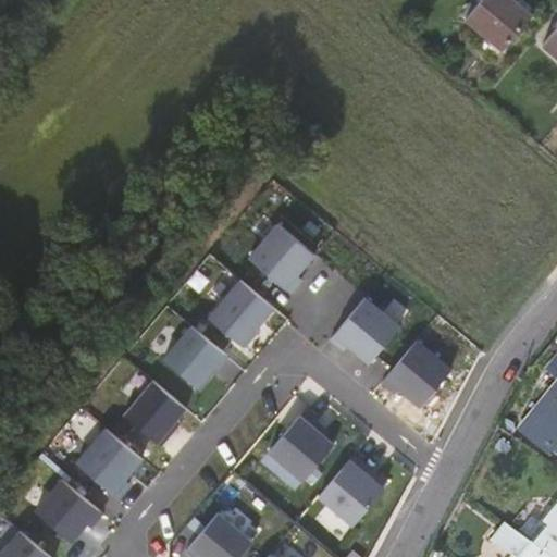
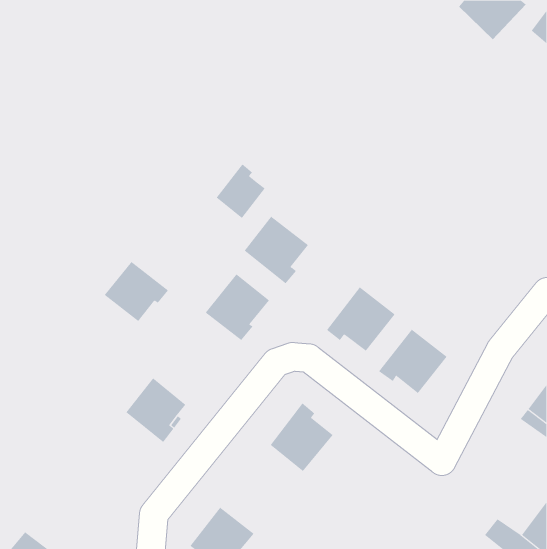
building: none -> [216,164,265,219]
building: [163,329,228,389] -> [104,261,169,322]
building: [79,433,145,504] -> none
building: [322,449,387,521] -> none
building: [40,485,108,547] -> none

